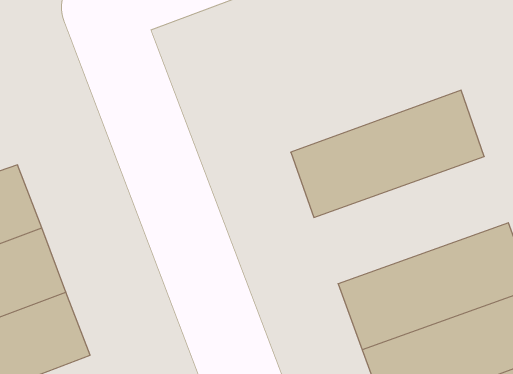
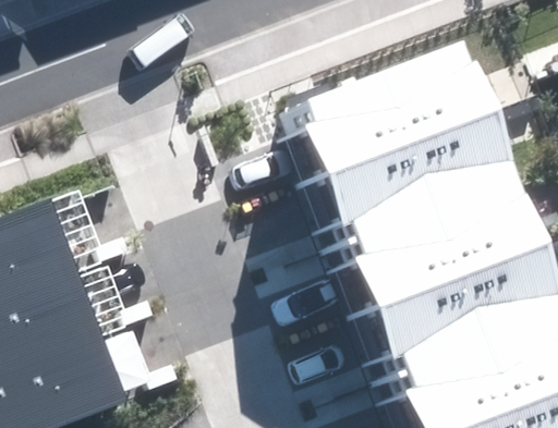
building: none -> [294,61,496,193]
building: none -> [343,197,545,329]

